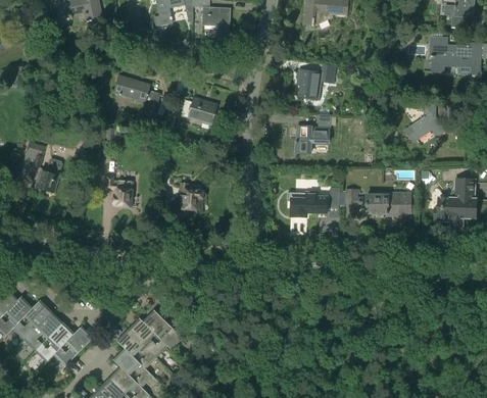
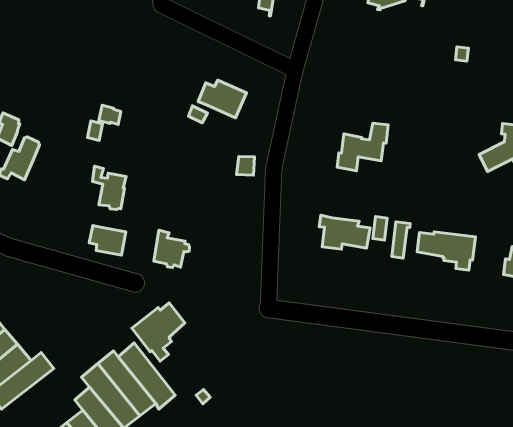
building: [297,63,335,98] -> none
building: [113,74,160,108] -> none
building: [180,183,206,210] -> [154,230,190,267]
building: none -> [89,226,126,255]
building: none -> [132,303,185,361]

